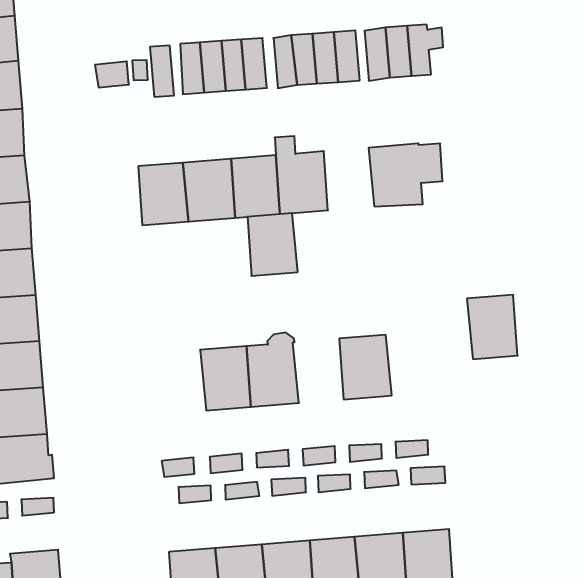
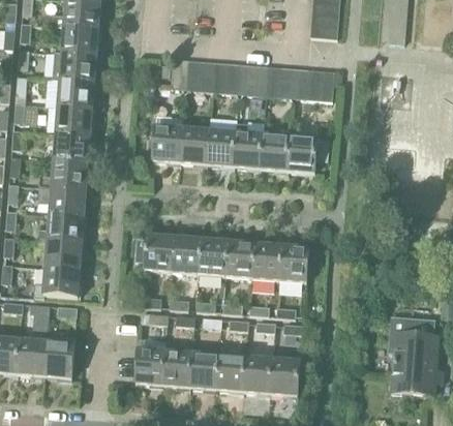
building: [247,213,298,276] -> [260,134,289,171]
building: [467,295,518,359] -> [279,245,308,282]
building: none -> [225,241,254,278]
building: none -> [134,235,174,272]

